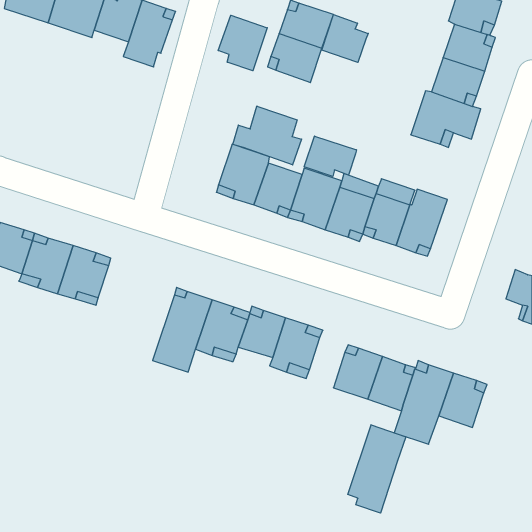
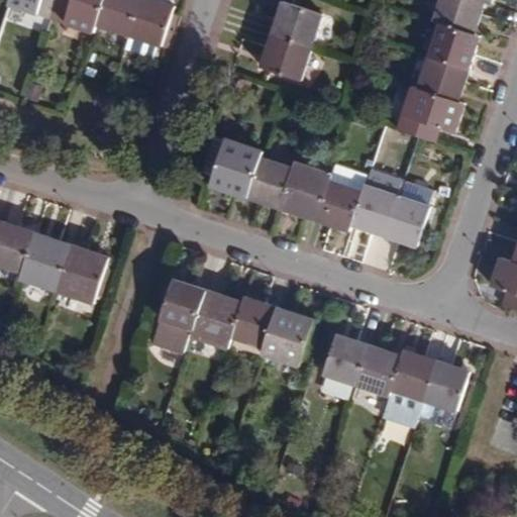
building: [322,15,368,62] -> none
building: [218,15,267,71] -> none
building: [233,106,302,165] -> none
building: [304,136,356,176] -> none
building: [348,425,406,513] -> none

